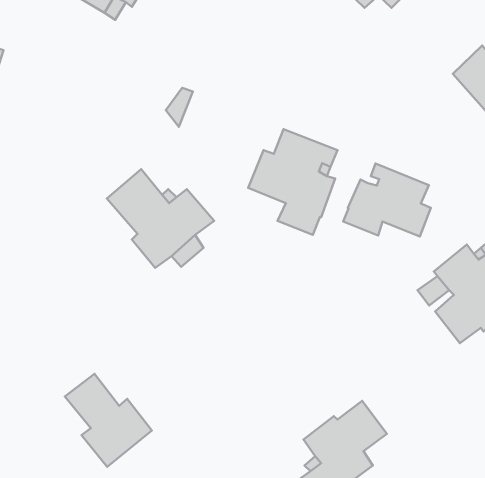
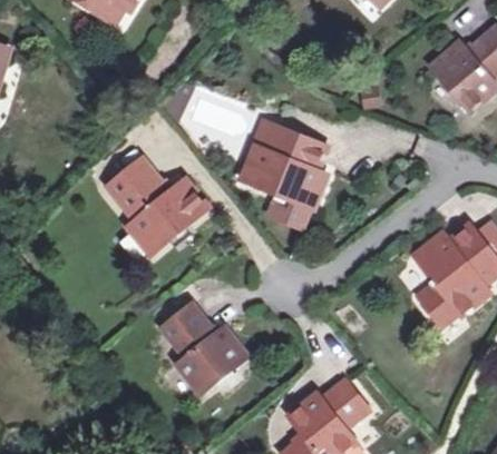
building: [343,164,431,236] -> none
building: [65,374,152,467] -> [165,305,247,393]

